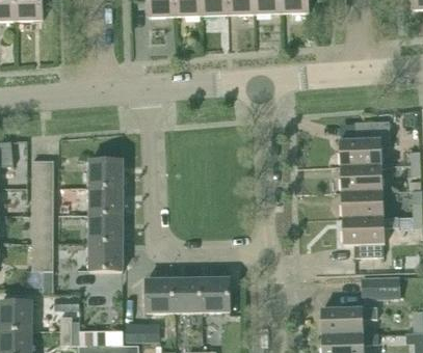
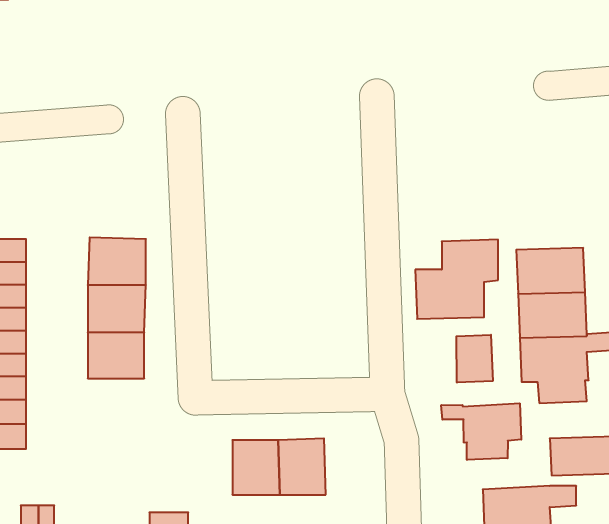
building: [341,120,390,167] -> [415,240,498,319]
building: none -> [456,335,493,383]
building: [89,243,123,271] -> none
building: none -> [441,403,521,460]
building: [147,279,175,313] -> none

